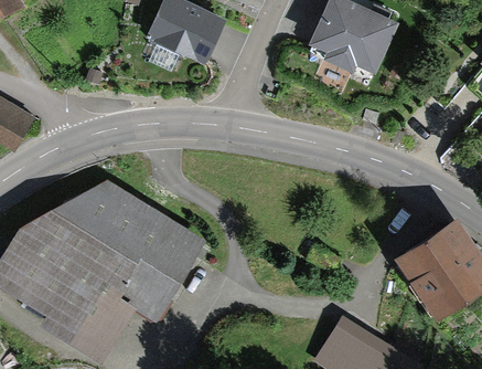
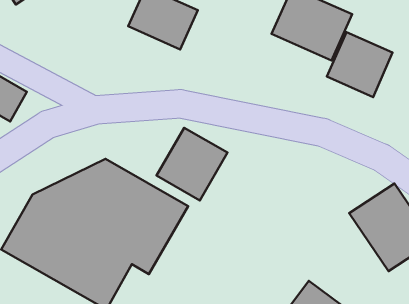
building: none -> [327,32,393,97]
building: none -> [157,128,227,200]

